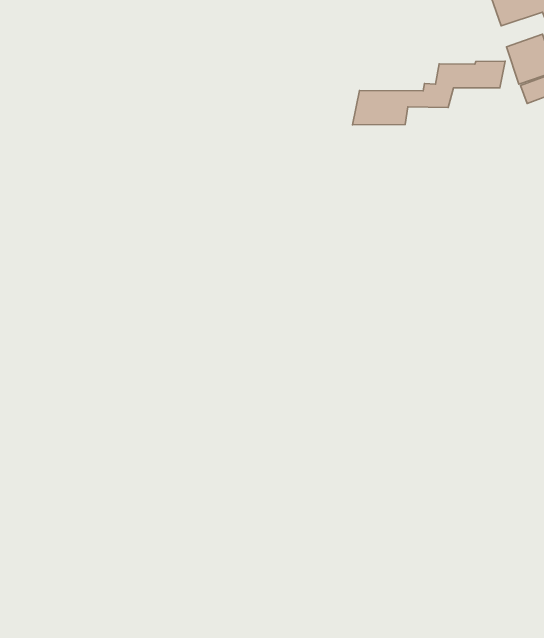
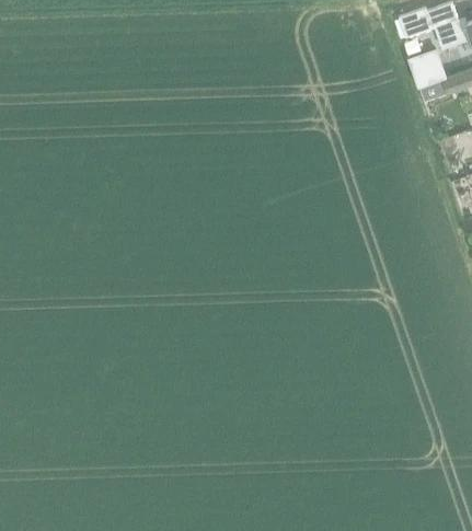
building: [353,61,505,125] -> none

